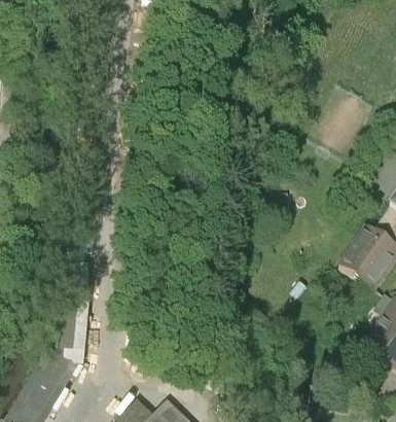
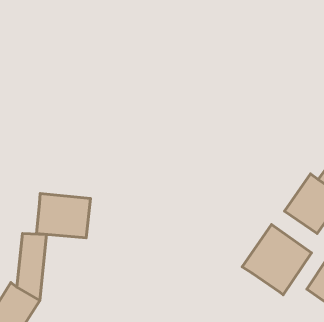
building: none -> [37,194,91,238]
building: none -> [242,224,312,295]

